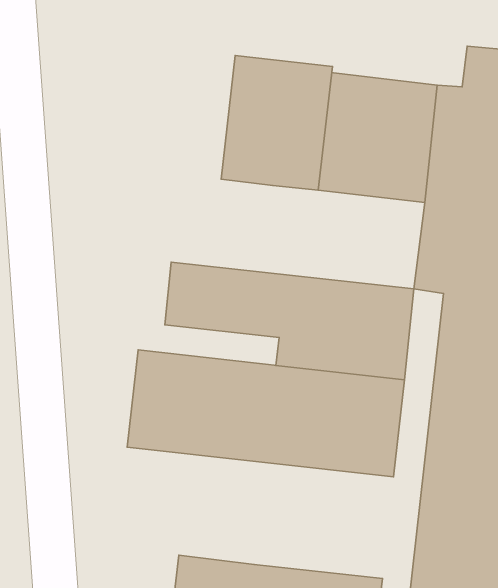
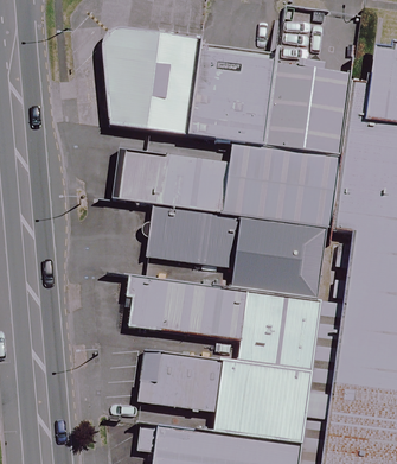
building: none -> [96,28,192,136]
building: none -> [113,146,340,224]
building: none -> [137,348,316,444]

